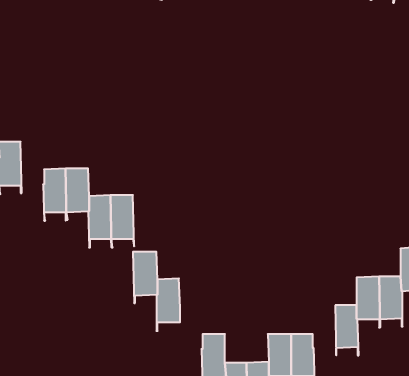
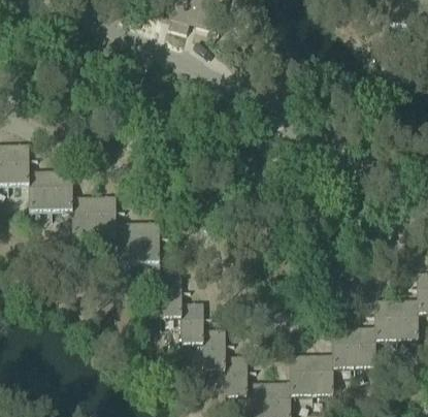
building: none -> [50,169,72,219]
building: none -> [330,327,354,376]
building: none -> [202,328,225,378]

